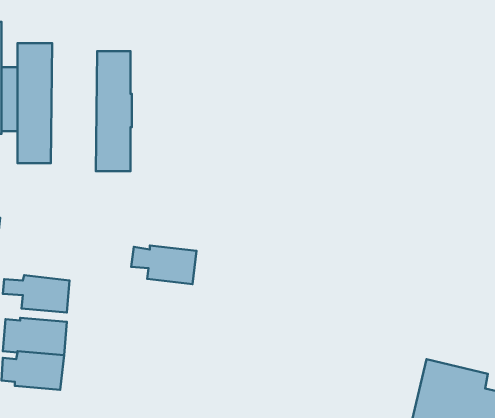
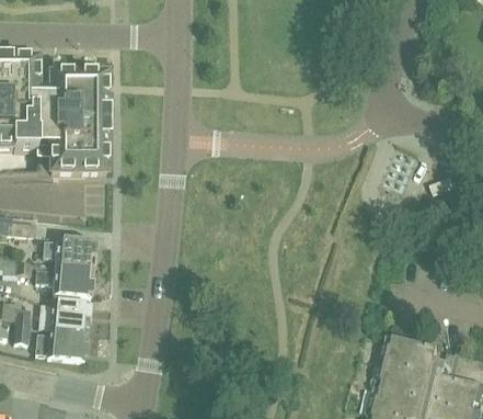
building: [96,51,132,171] -> [78,76,107,174]
building: [131,245,196,284] -> [43,239,96,271]

